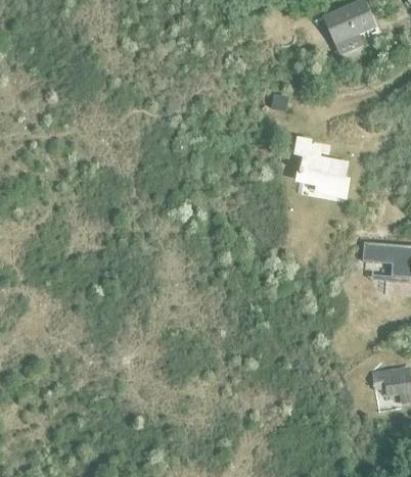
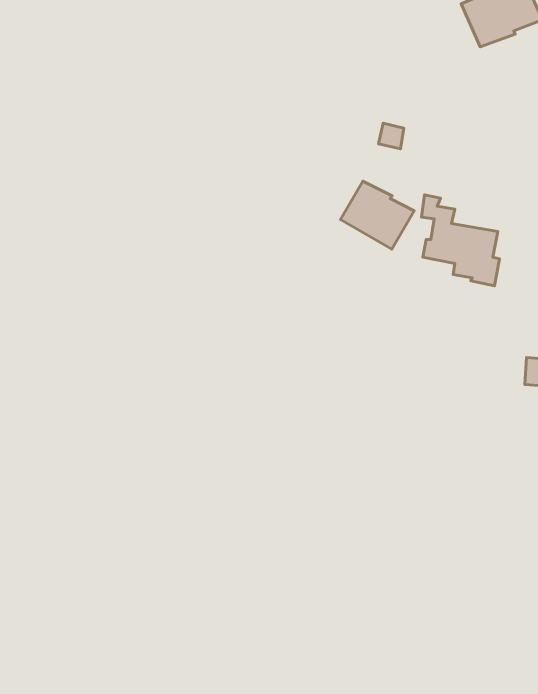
building: none -> [340,181,414,249]

